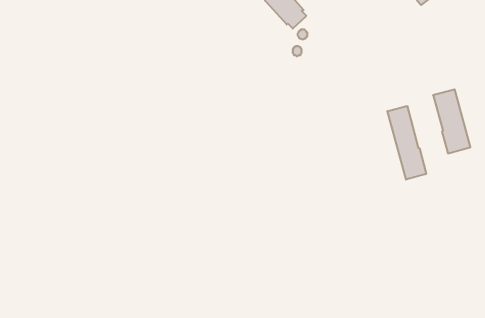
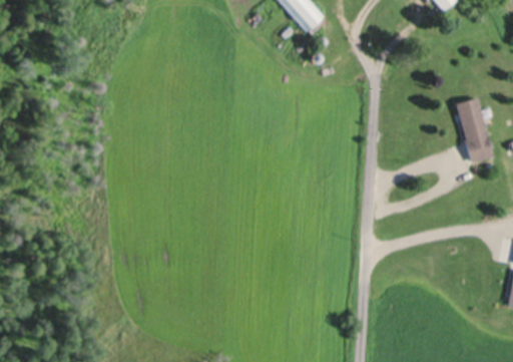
building: [387,106,426,180] -> none

